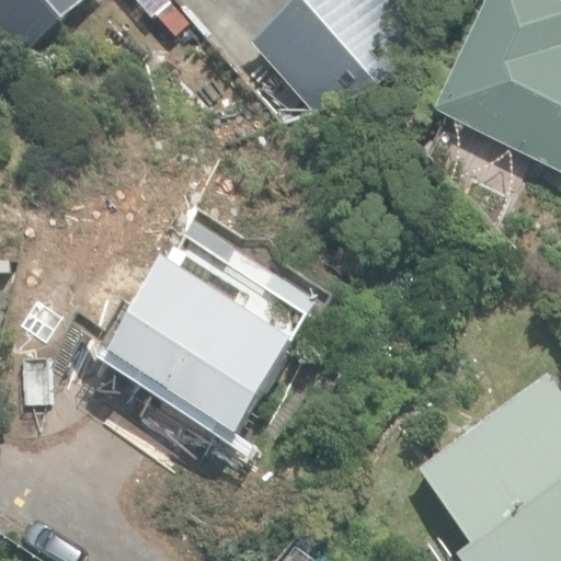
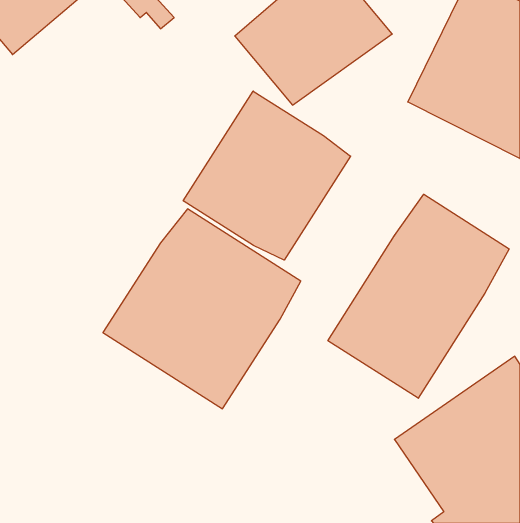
building: none -> [183,91,351,260]
building: none -> [328,194,509,398]

